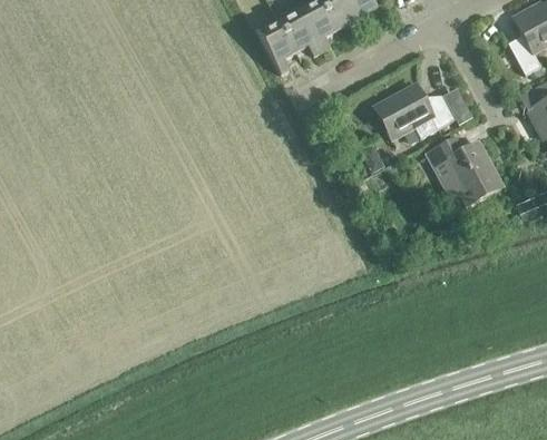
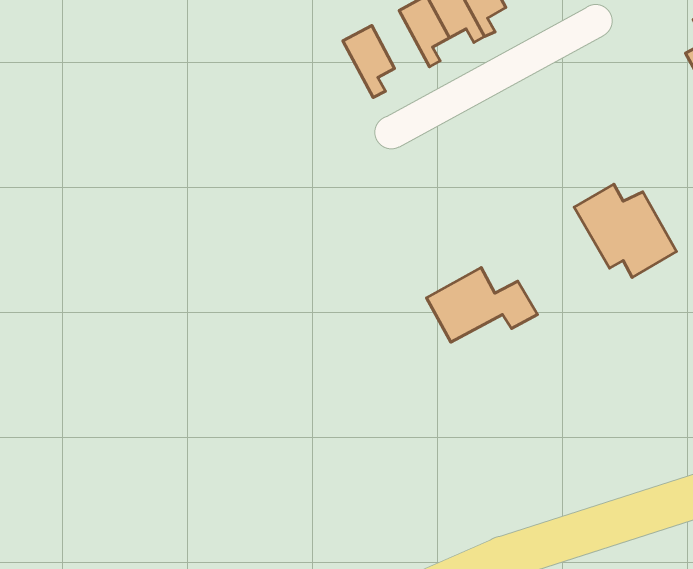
building: [279,9,321,55] -> none
building: [374,84,456,138] -> [426,267,538,342]

